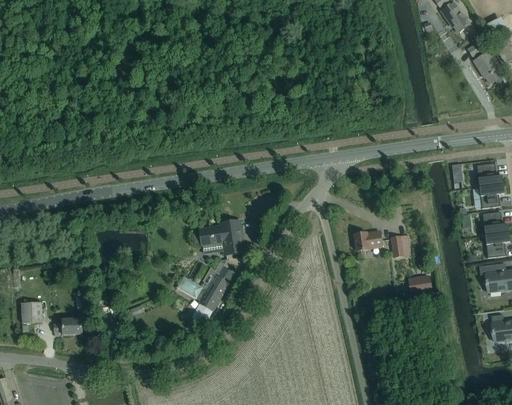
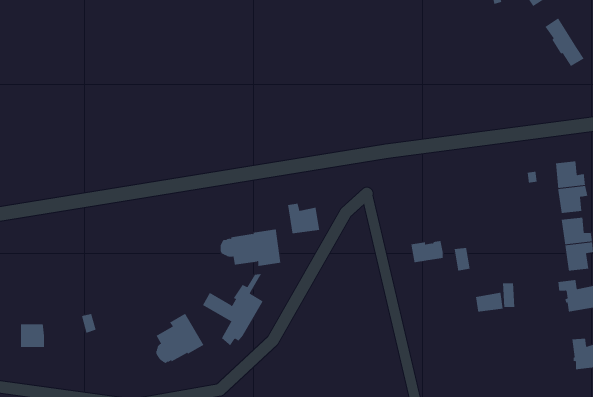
building: none -> [288,203,320,234]
building: none -> [156,313,204,364]
building: [54,318,83,334] -> none

